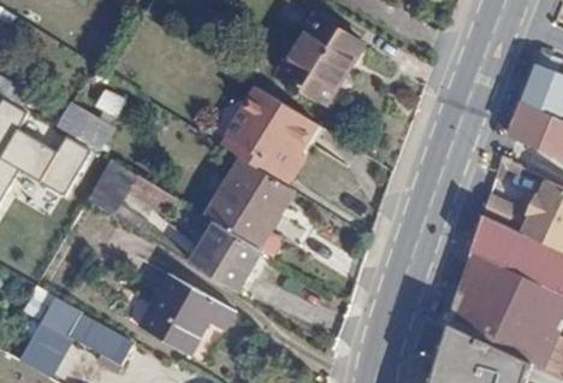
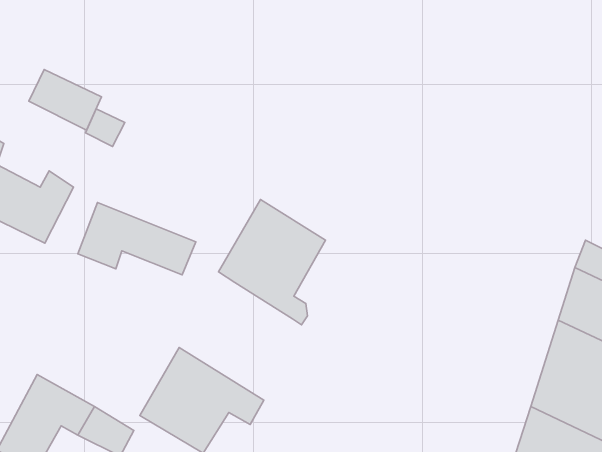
building: [271,11,355,99] -> none
building: [225,86,315,179] -> none
building: [57,102,114,151] -> [29,70,101,130]
building: [188,226,260,299] -> none

